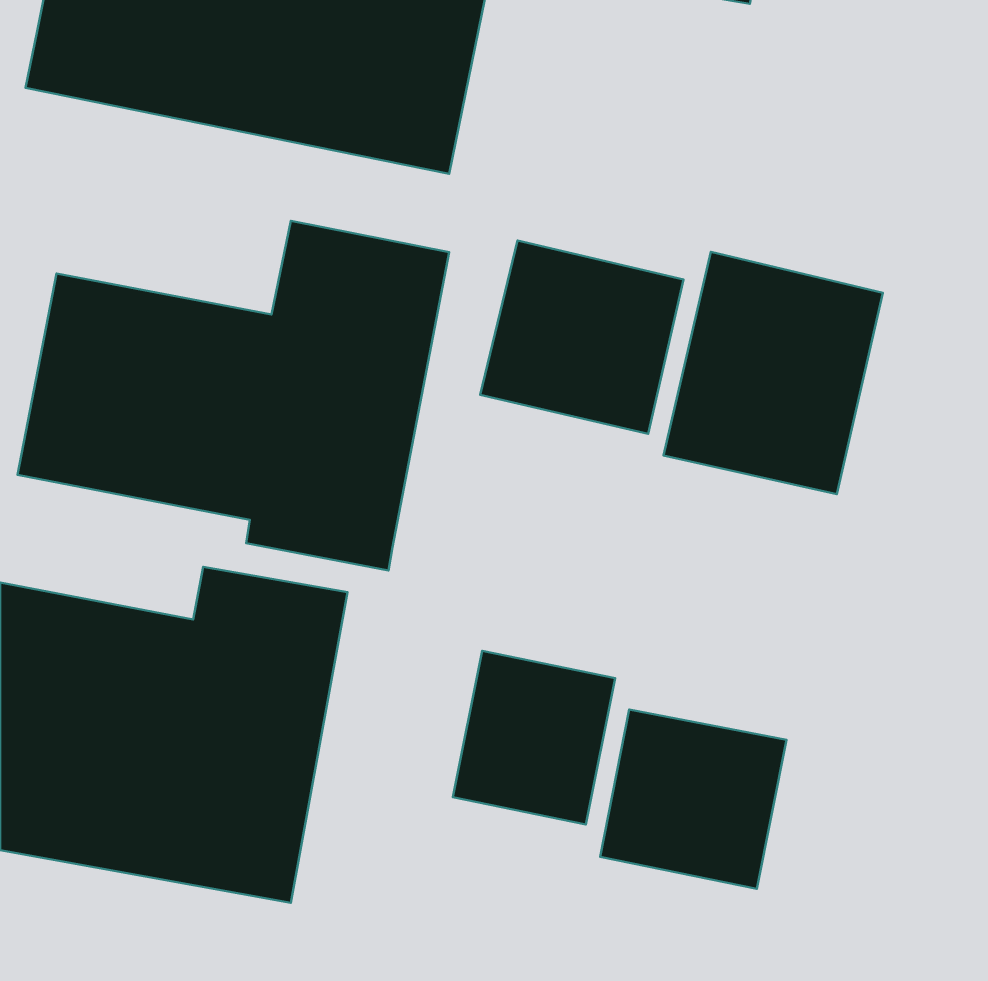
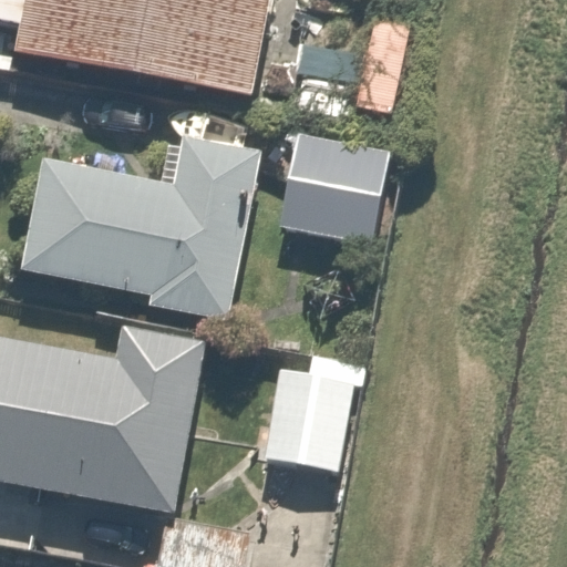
building: [664,252,883,494] -> none
building: [600,710,787,889] -> none

